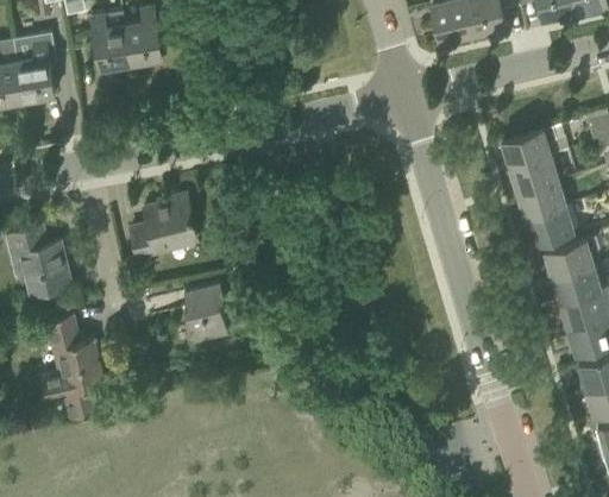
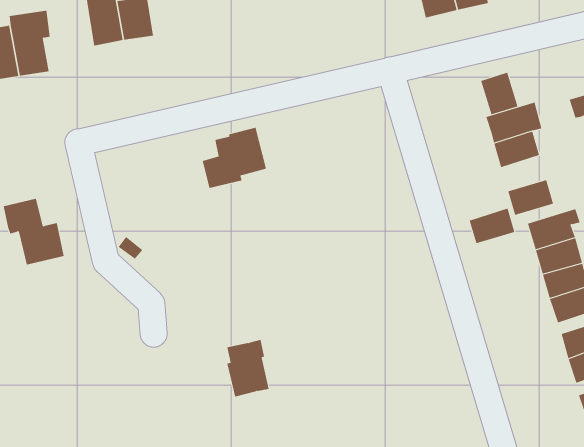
building: none -> [481,72,518,115]
building: [516,178,564,215] -> [469,208,515,244]
building: [130,191,196,254] -> [202,127,267,189]
building: [183,282,227,341] -> [227,339,269,397]
building: [37,312,103,416] -> none

